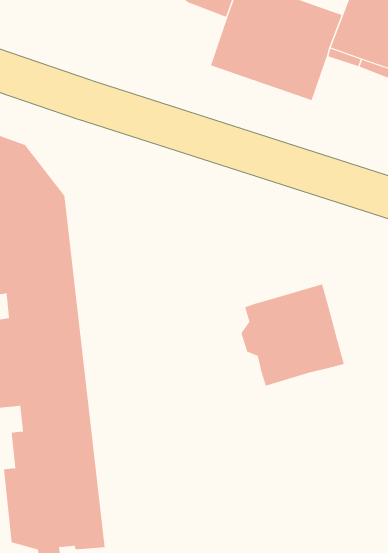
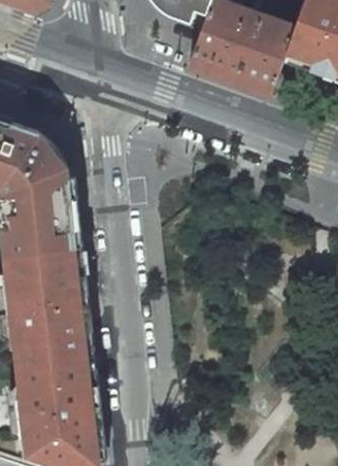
building: [241,284,344,386] -> none

